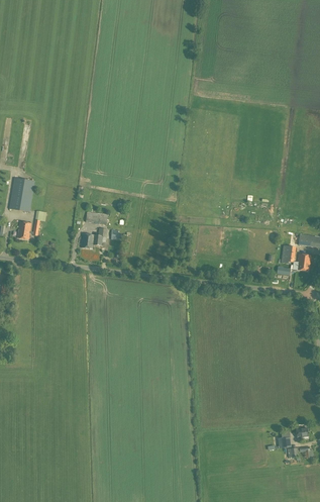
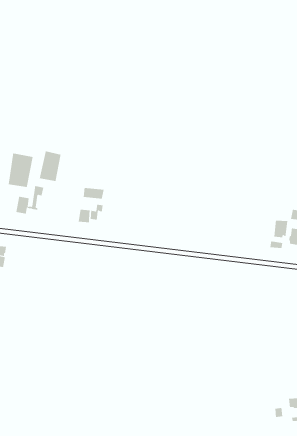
building: none -> [39,151,61,182]

